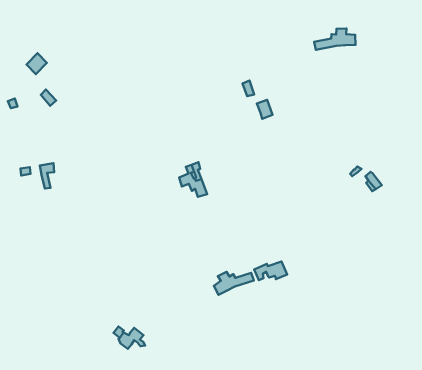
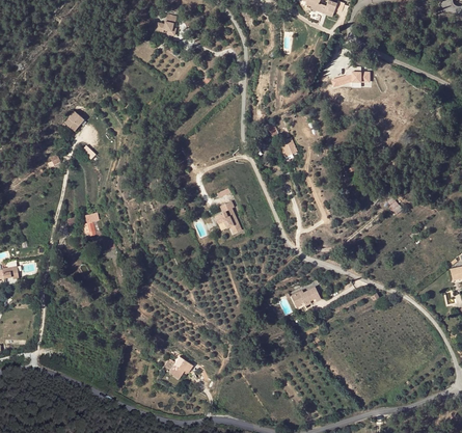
building: [214,272,254,295] -> none

